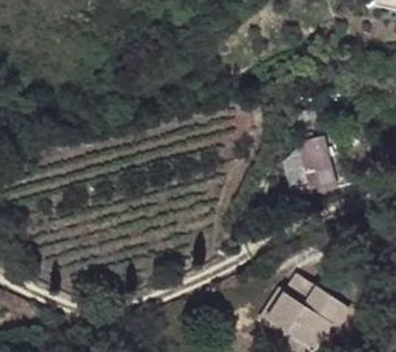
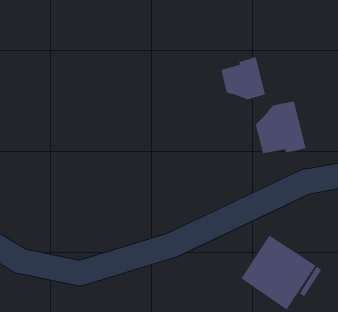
building: none -> [221,56,266,100]

